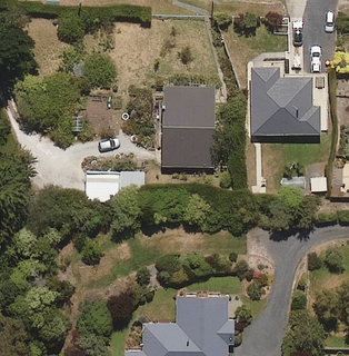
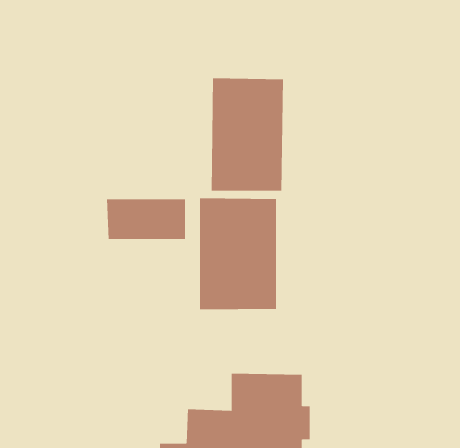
building: [248,63,320,136] -> none
building: none -> [200,197,277,310]

